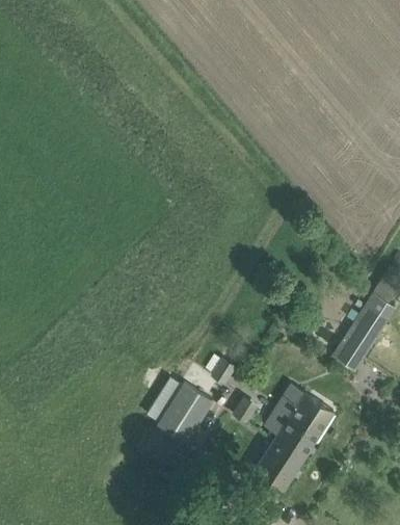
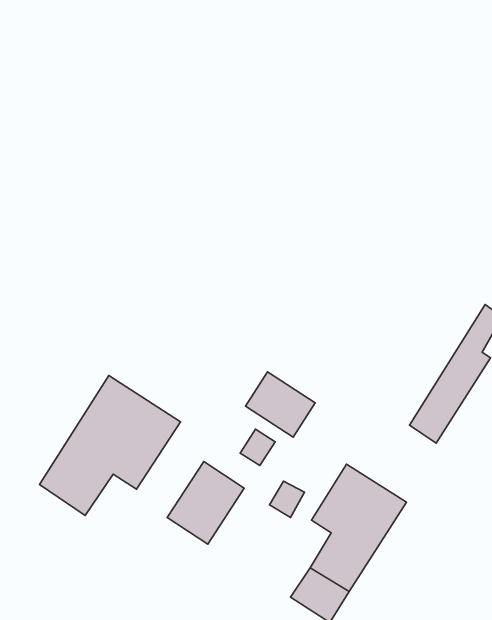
building: none -> [245,372,315,437]
building: none -> [39,375,181,515]

